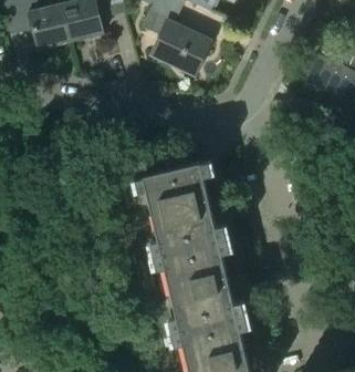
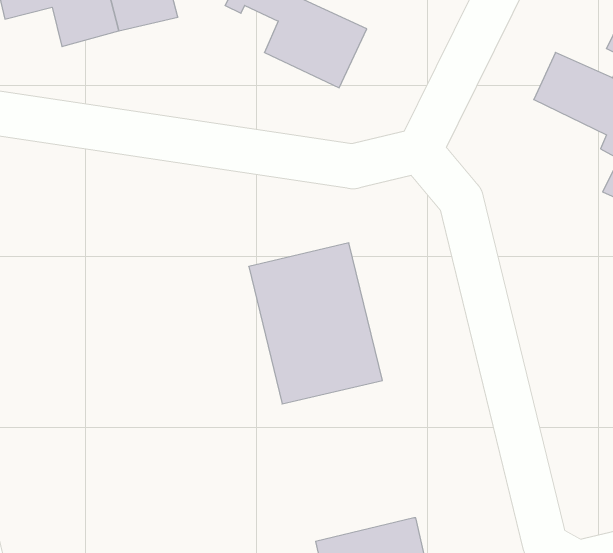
building: [161,240,236,331] -> none

